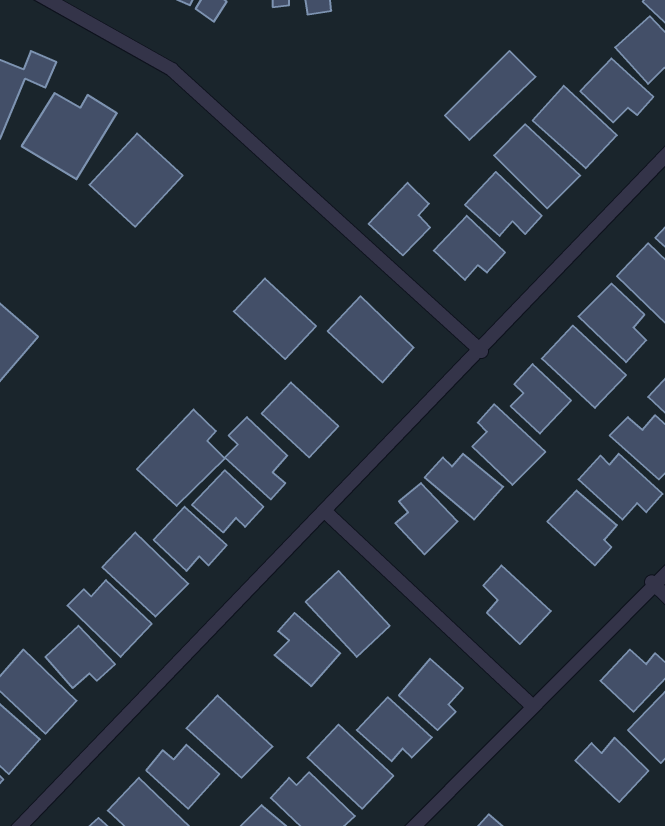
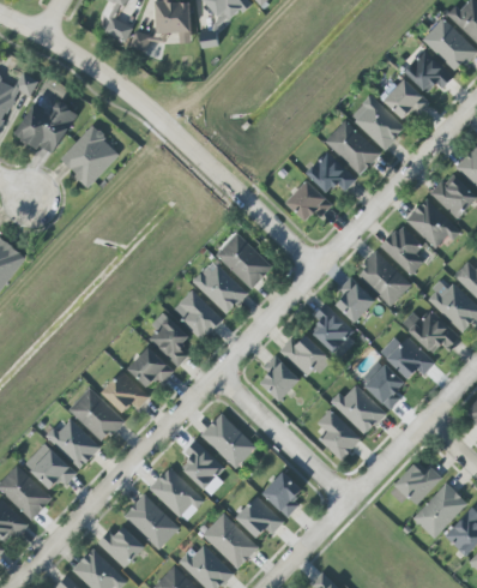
building: [445,51,536,140] -> none
building: [369,183,430,255] -> none
building: [234,278,316,359] -> [194,262,248,314]
building: [137,409,225,506] -> none
building: none -> [330,384,386,434]
building: none -> [149,467,203,520]
building: [575,738,648,802] -> none

